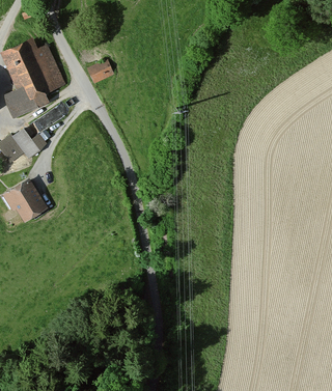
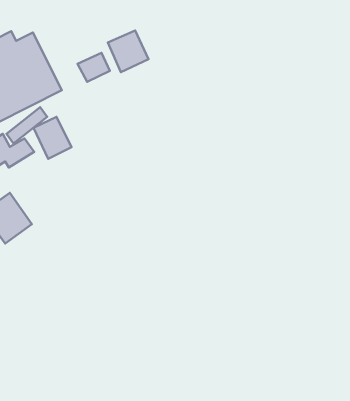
building: none -> [108,30,149,72]
building: none -> [34,117,72,159]

